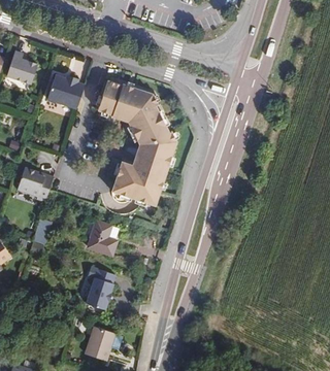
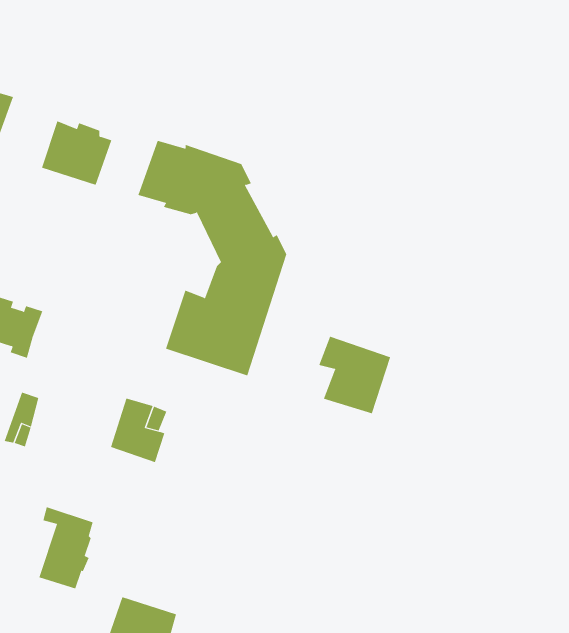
building: none -> [318,336,391,414]
building: [84,265,112,308] -> [38,507,93,589]

